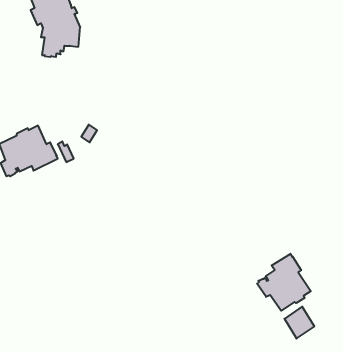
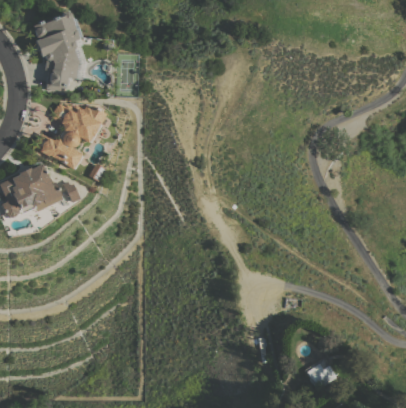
building: none -> [33,102,107,169]
building: [257,254,311,311] -> none

